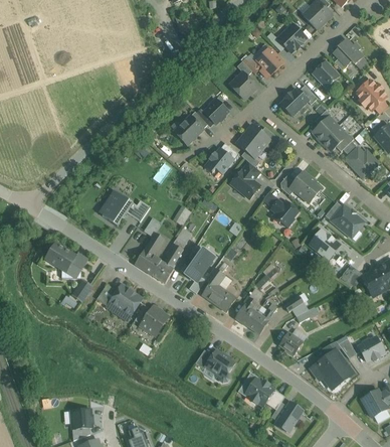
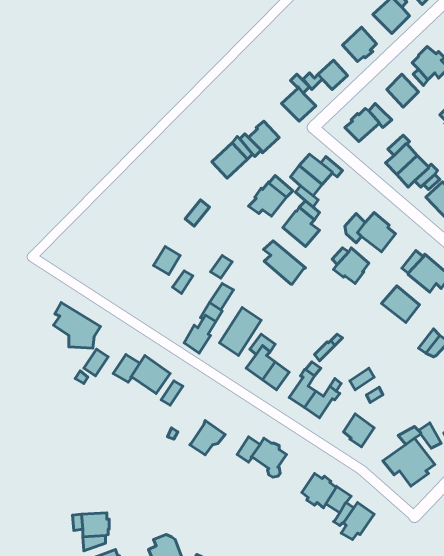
building: [103,189,134,227] -> none
building: none -> [264,241,306,284]
building: [137,234,164,275] -> none
building: [141,306,169,333] -> [190,421,225,455]

